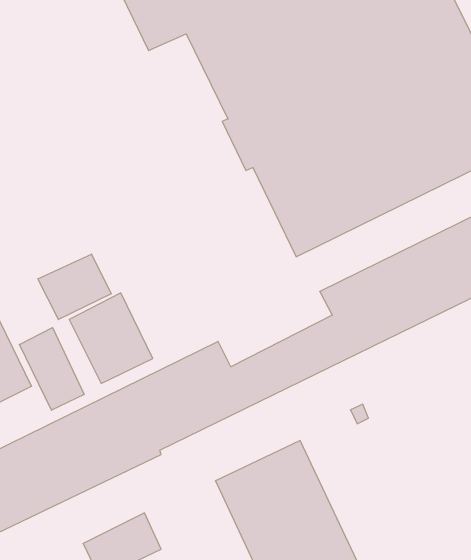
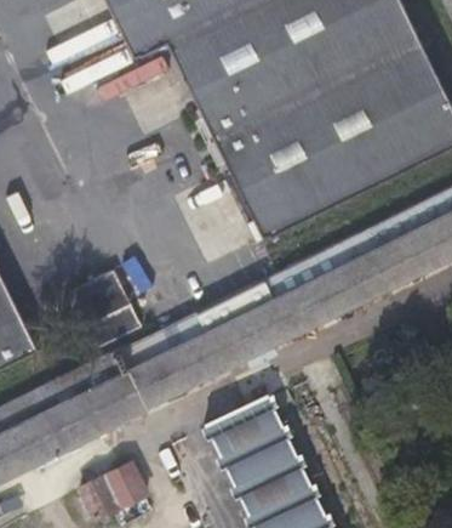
building: [38,254,111,320] -> none
building: [19,328,84,410] -> none

